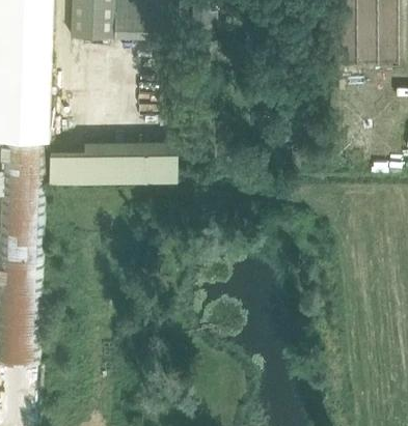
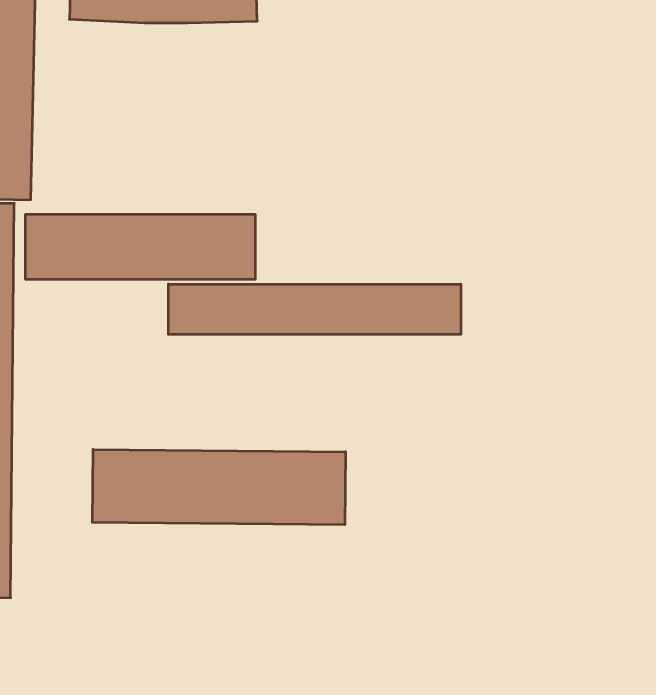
building: none -> [168,284,461,334]
building: none -> [92,449,345,525]

